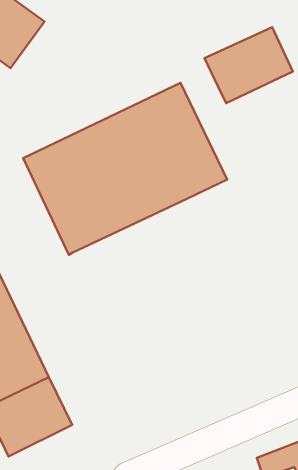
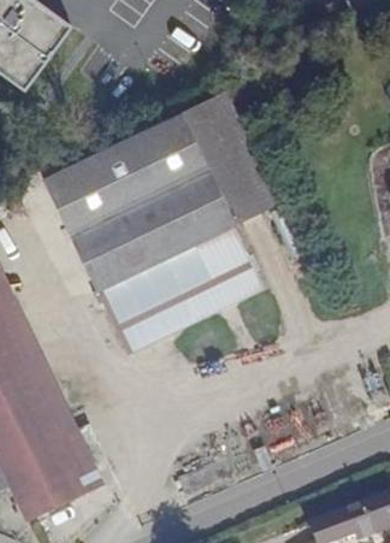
building: [205,27,293,103] -> none
building: none -> [100,226,260,353]

